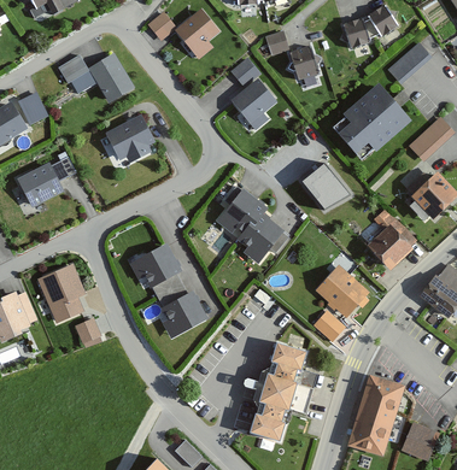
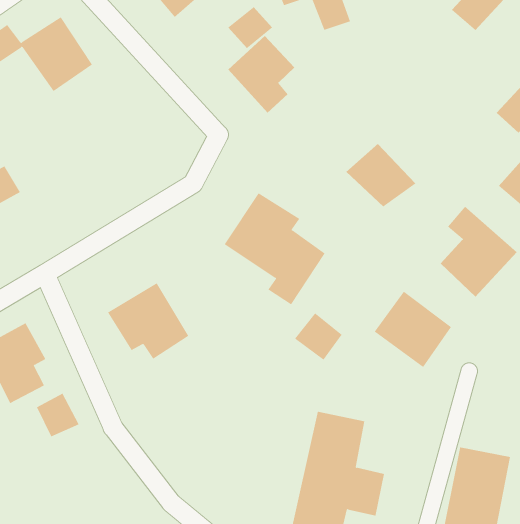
building: [333,83,410,157] -> none
building: [102,117,153,166] -> none
building: [157,282,207,339] -> none
building: [312,309,346,342] -> [294,313,343,361]

